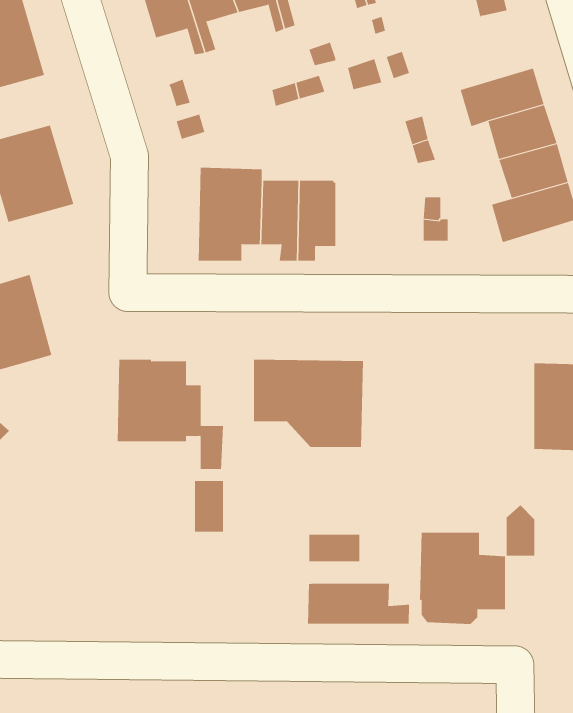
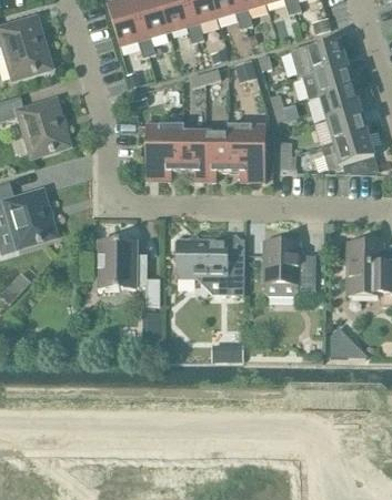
building: none -> [290,39,346,76]
building: none -> [227,124,265,181]
building: [419,532,506,624] -> [262,241,314,296]
building: [308,583,410,624] -> none

